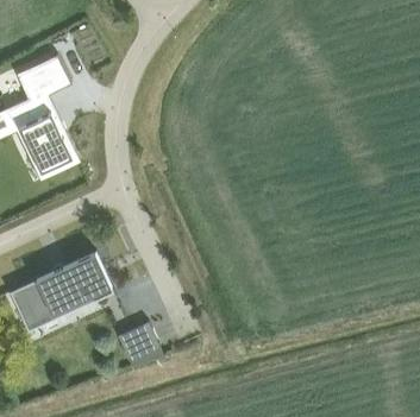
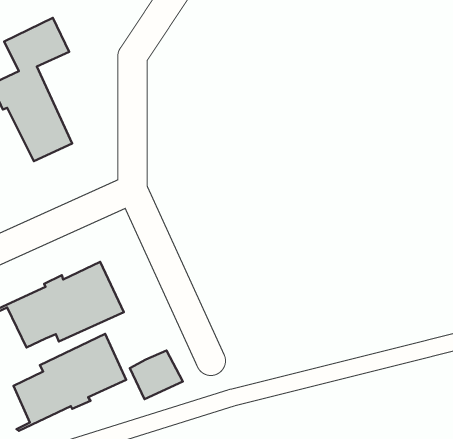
building: none -> [13,334,126,431]

